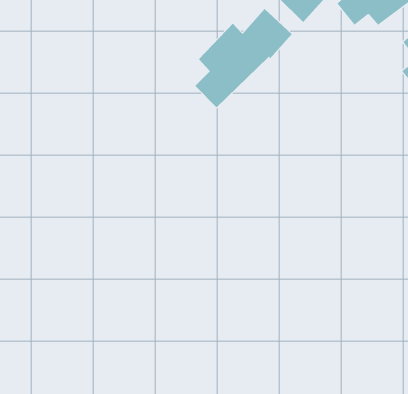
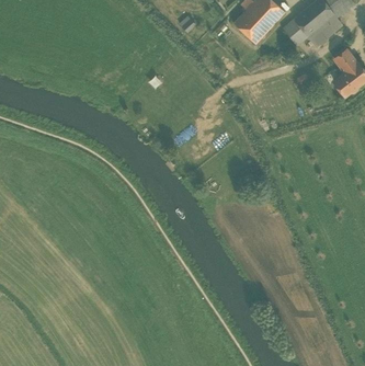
building: [195,8,292,108] -> none

